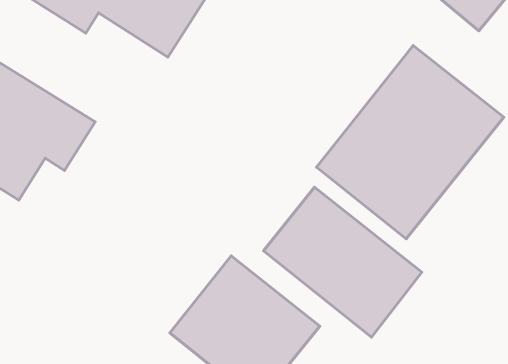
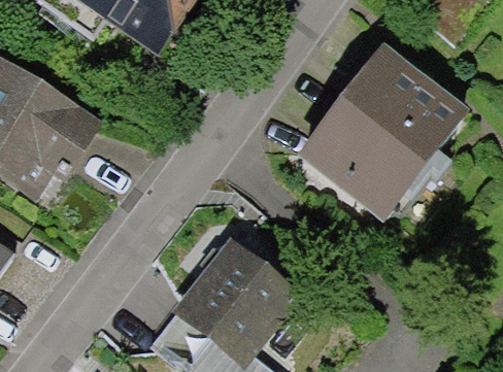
building: [263,187,422,337] -> none

